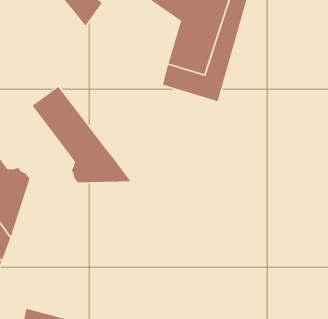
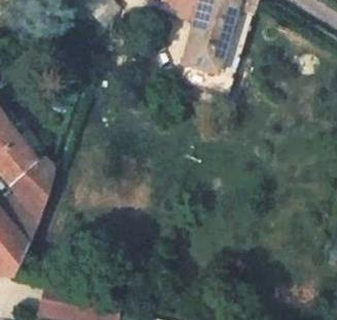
building: [31,86,132,183] -> none

